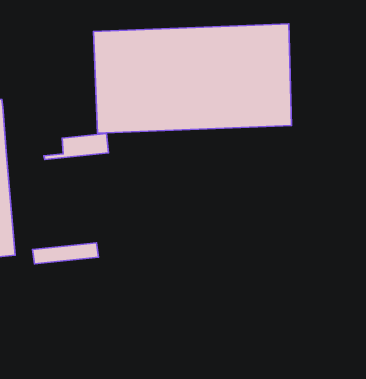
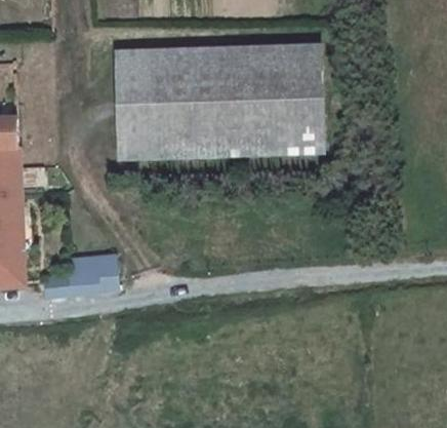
building: [44,133,109,160] -> [48,255,117,282]

